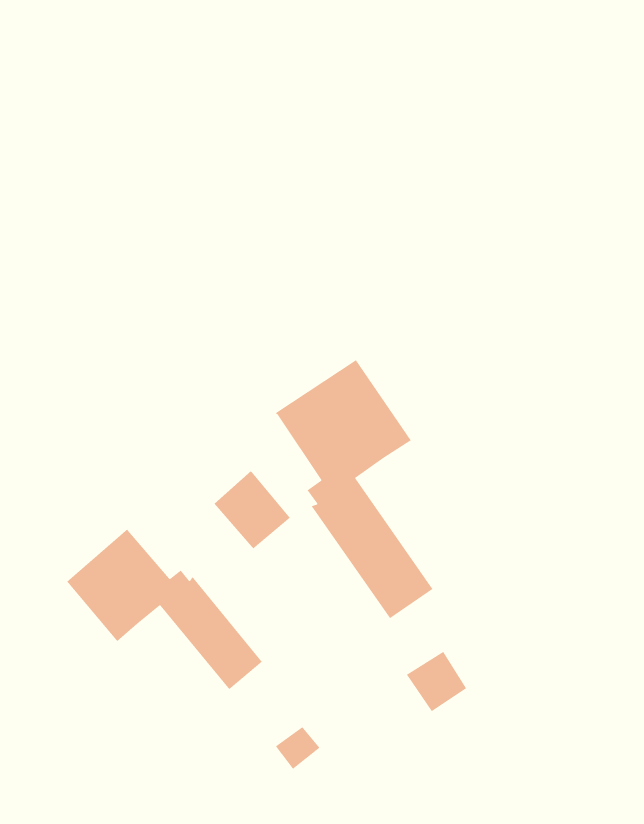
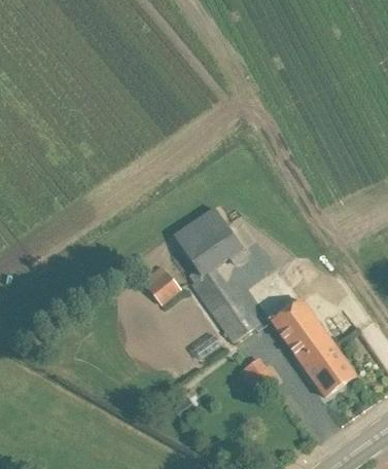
building: [66,528,263,690] -> none
building: none -> [271,298,355,396]

